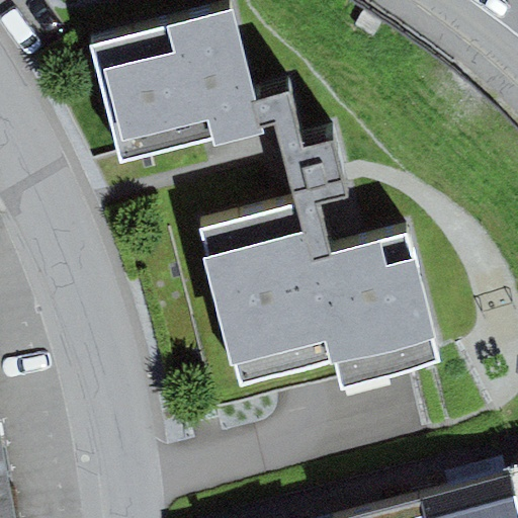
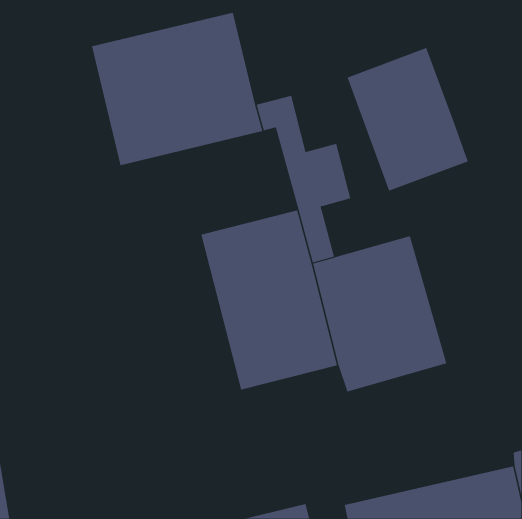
building: none -> [347,47,469,192]

